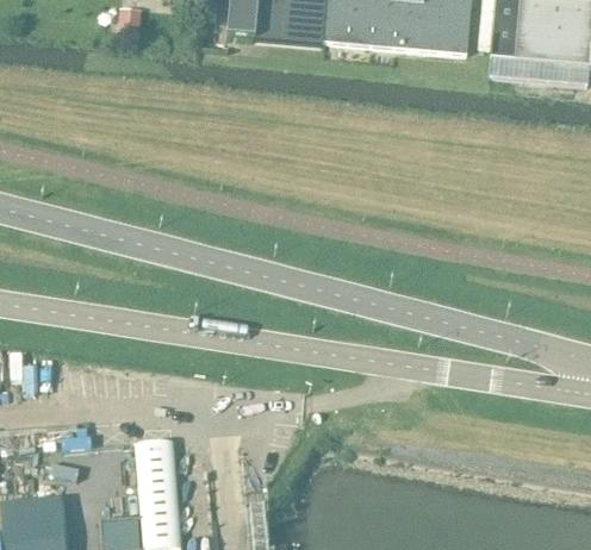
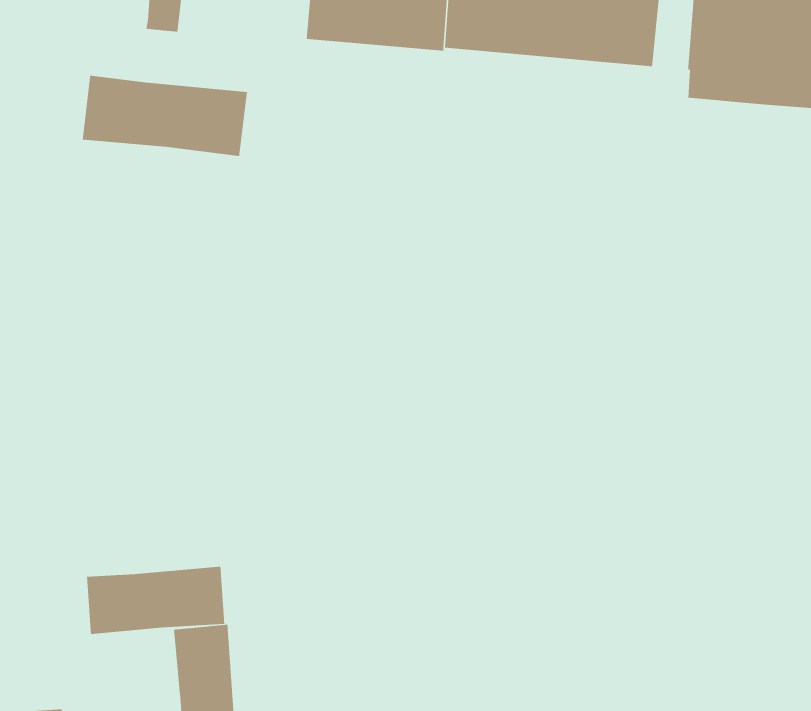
building: none -> [82,75,247,157]
building: none -> [87,566,225,635]

